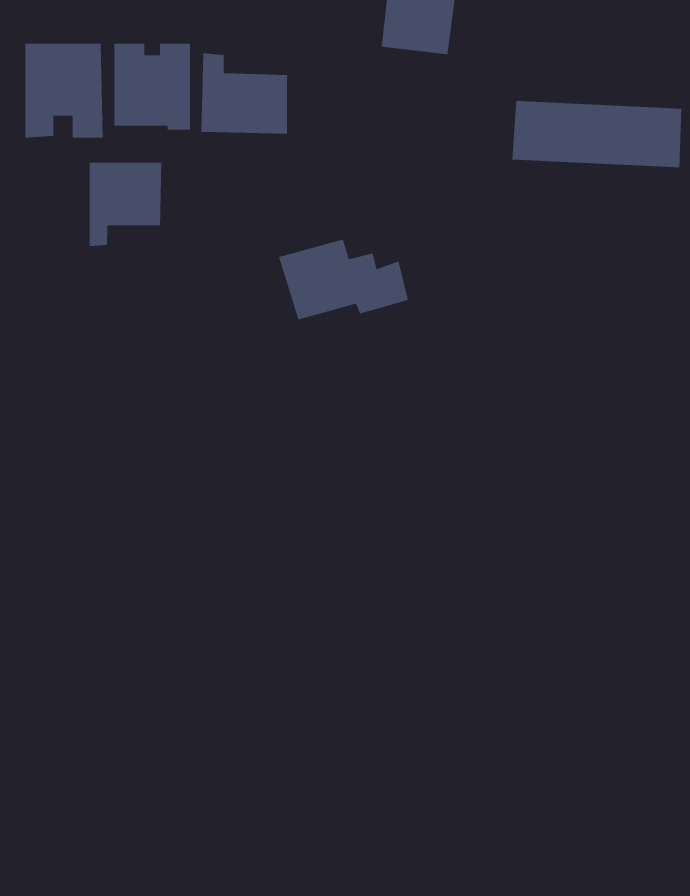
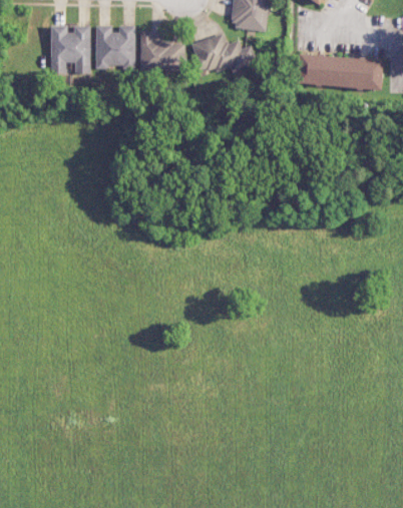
building: [89,162,162,247] -> none
building: [278,239,409,320] -> [190,33,257,74]

